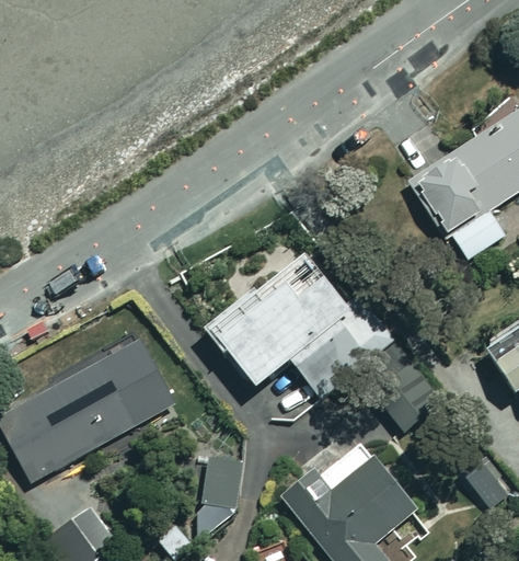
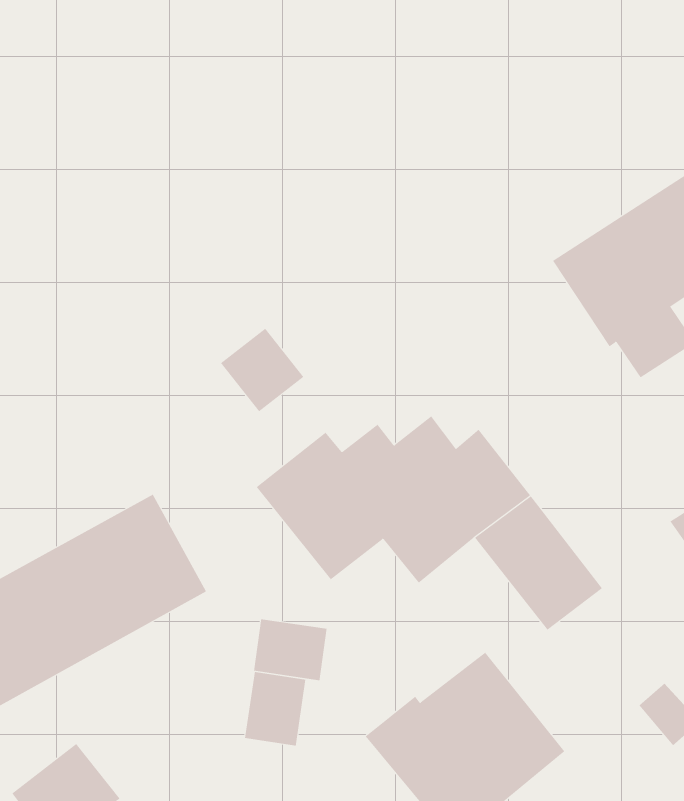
building: none -> [220,328,304,412]
building: none -> [254,619,327,681]

